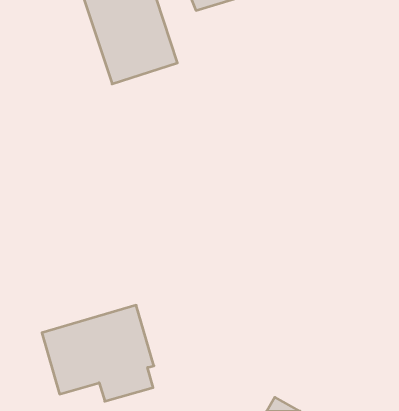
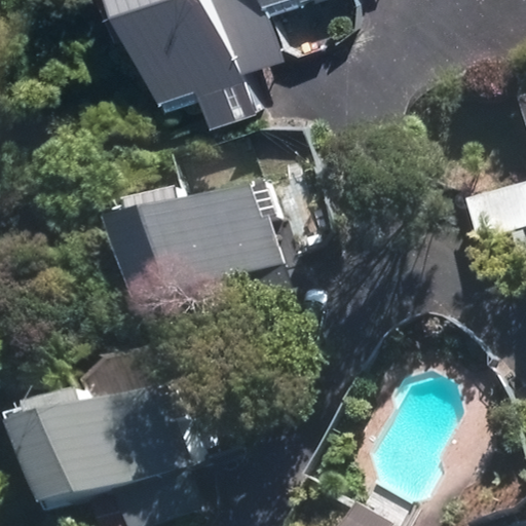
building: none -> [139,185,284,299]

